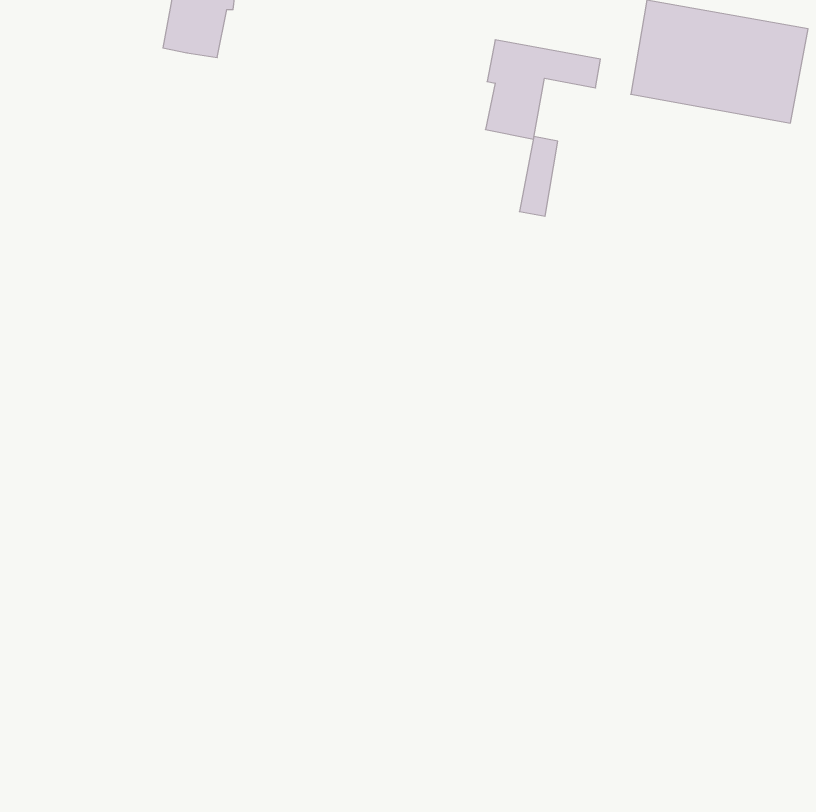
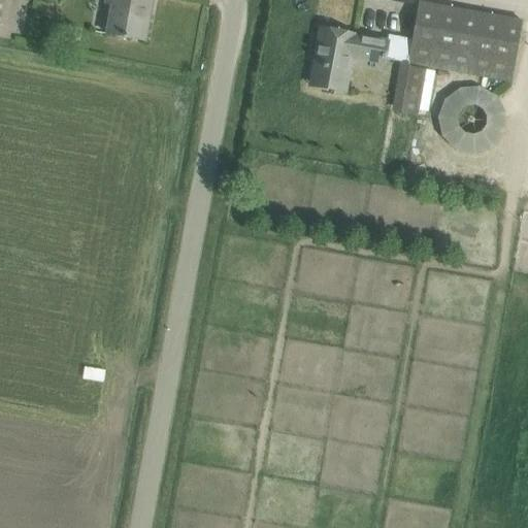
building: none -> [433,79,508,155]
building: [519,136,558,216] -> [398,62,423,113]

